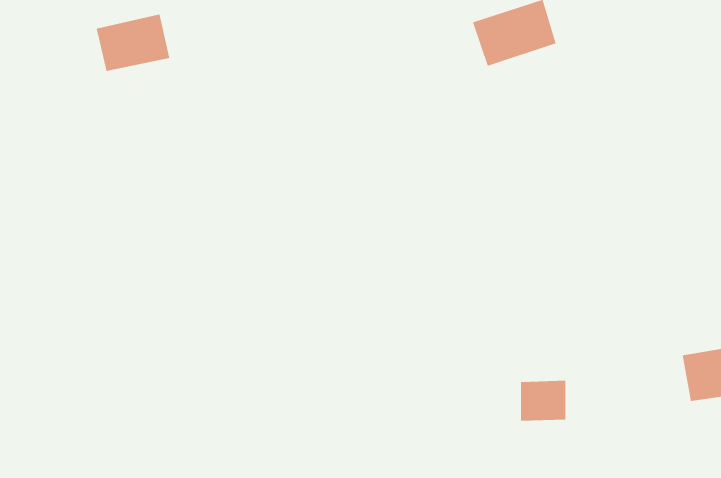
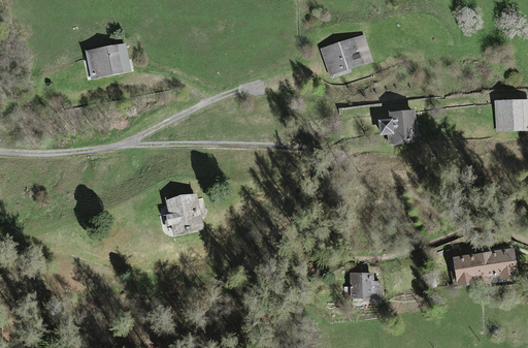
building: none -> [377,108,418,145]
building: none -> [165,192,205,236]

